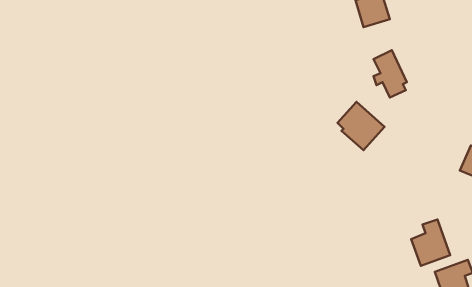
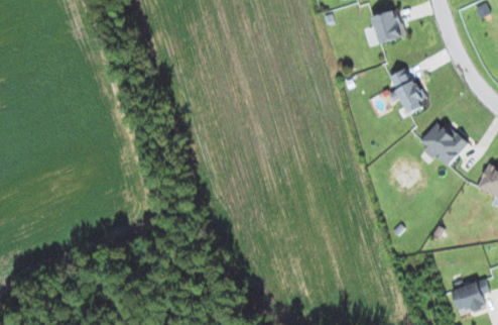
building: [337,102,385,150] -> [420,119,468,168]
building: [411,219,450,266] -> none

